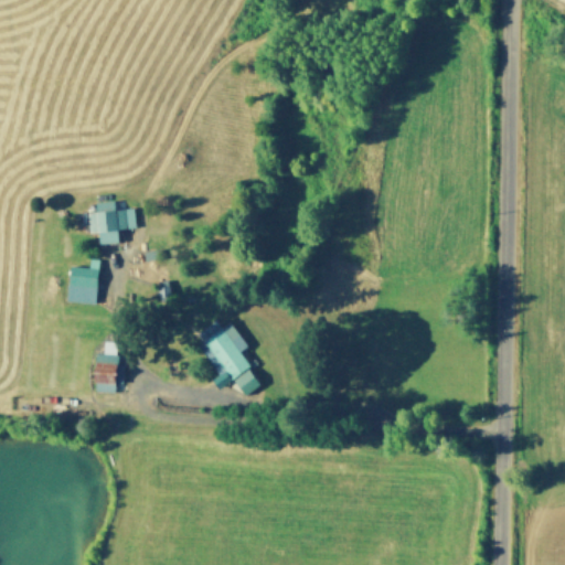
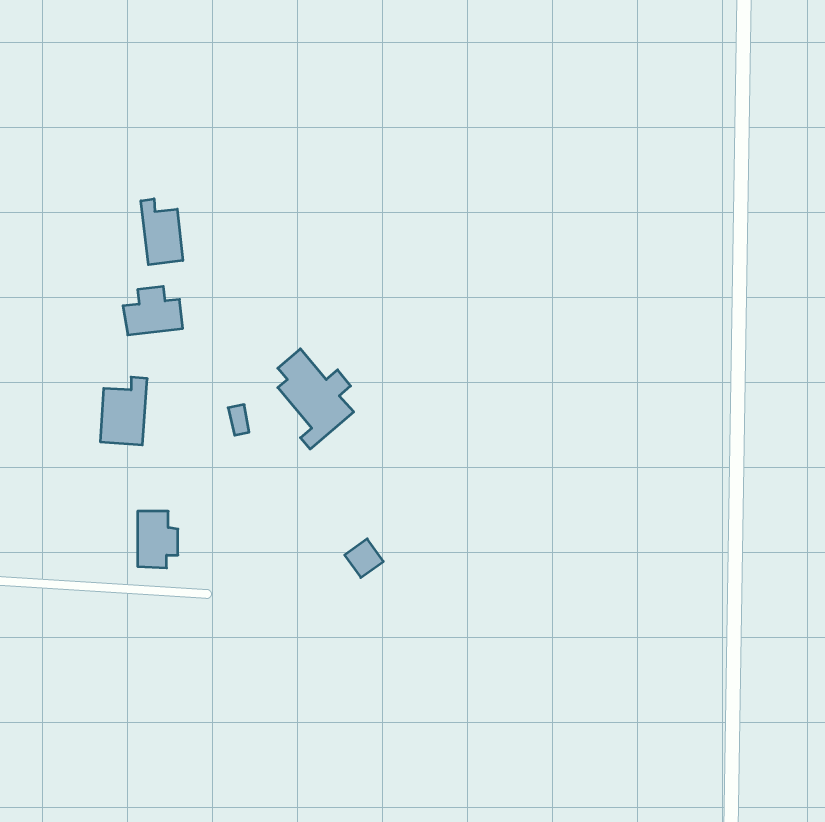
building: none -> [141,199,183,265]
building: [198,319,249,387] -> [278,349,354,449]

